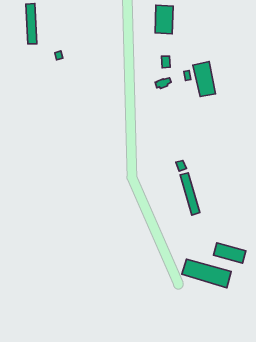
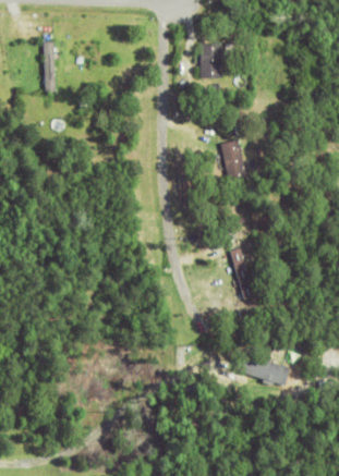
building: [193,62,215,97] -> [219,139,246,182]
building: [214,243,246,263] -> none

